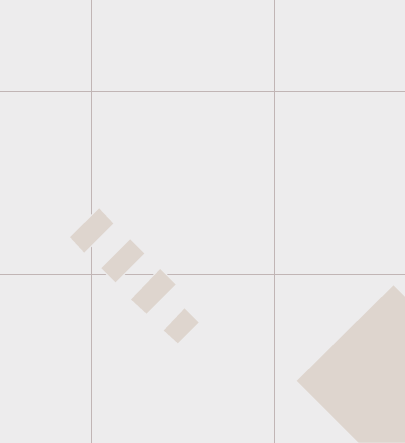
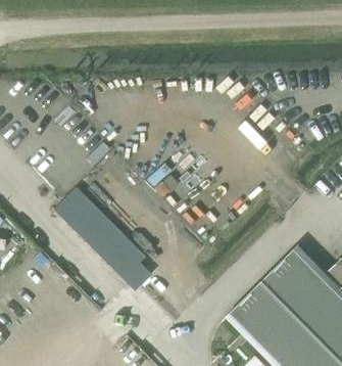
building: none -> [65,199,100,233]
building: none -> [89,222,123,257]
building: none -> [112,245,147,280]

